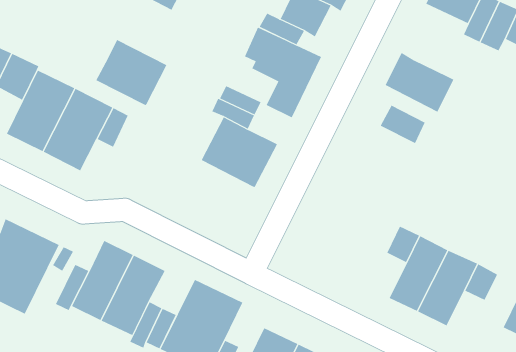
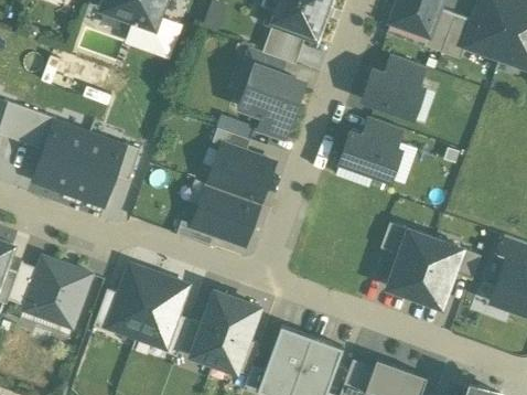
building: none -> [385,55,424,86]
building: [95,39,167,106] -> none
building: none -> [338,132,400,181]
building: none -> [193,185,257,245]

